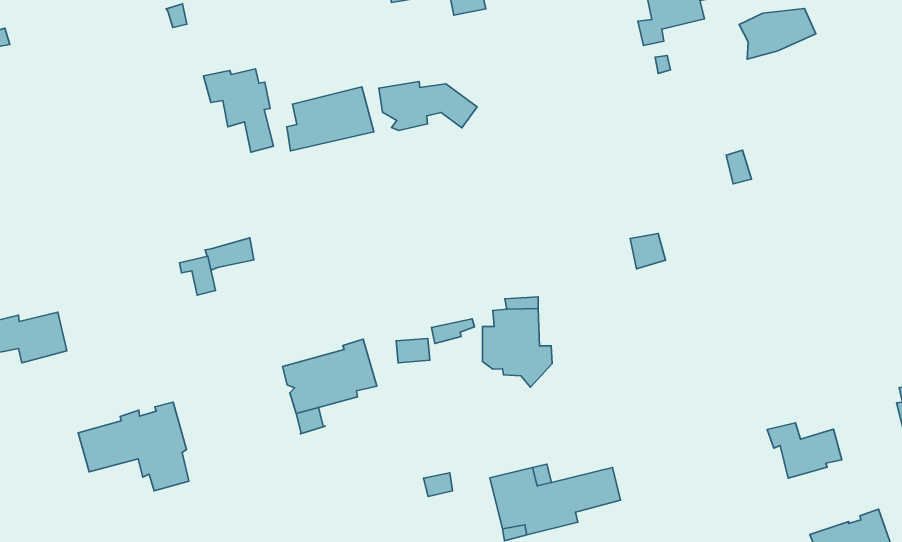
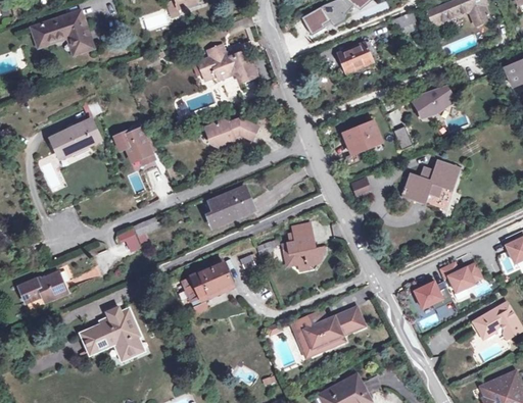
building: [739,8,816,59] -> [415,86,456,117]
building: none -> [50,119,99,158]
building: [287,87,374,151] -> [207,187,253,226]
building: none -> [342,121,381,153]
building: none -> [400,158,461,203]
building: none -> [413,281,451,309]

